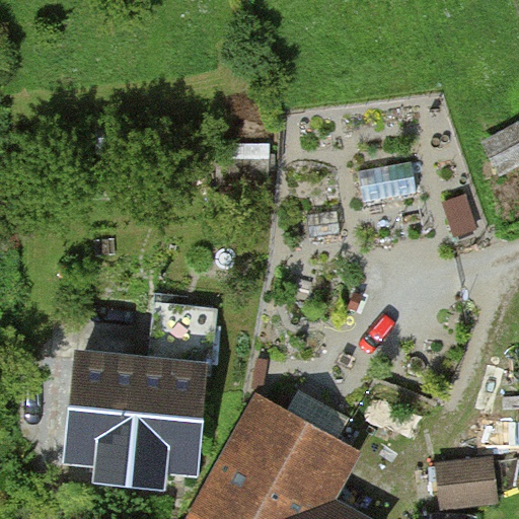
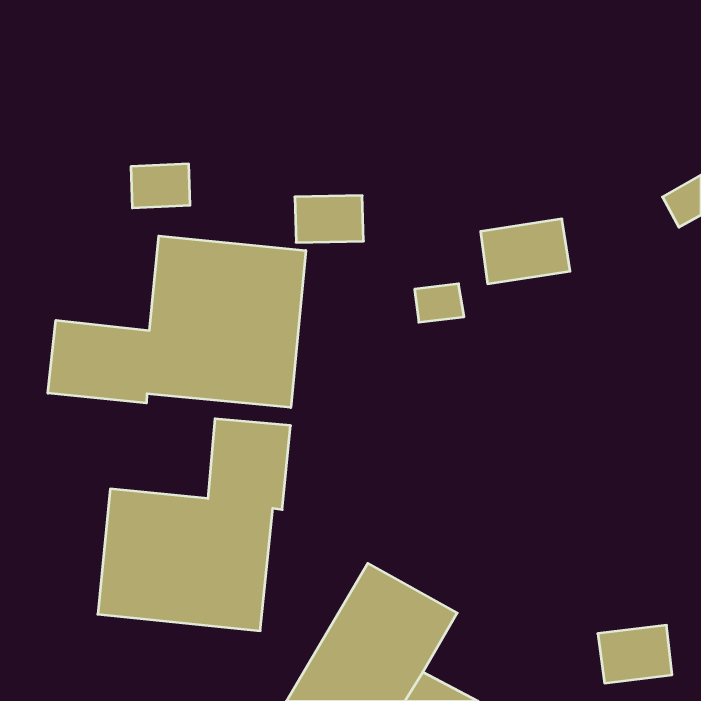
building: none -> [48,236,306,408]

